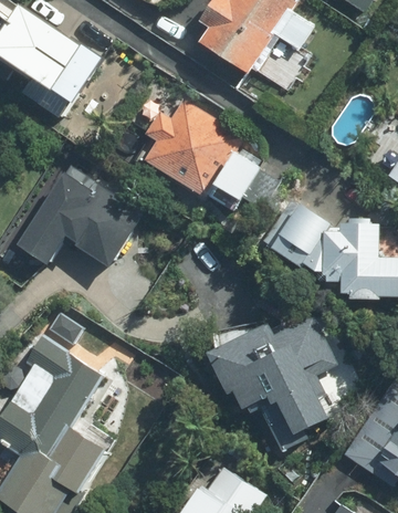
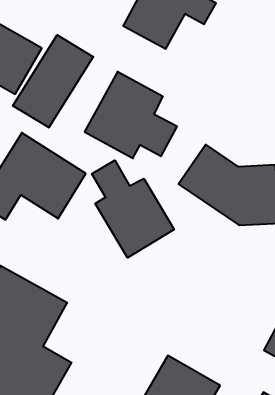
building: none -> [13,35,93,128]
building: none -> [92,160,174,258]
building: [209,310,334,448] -> none

